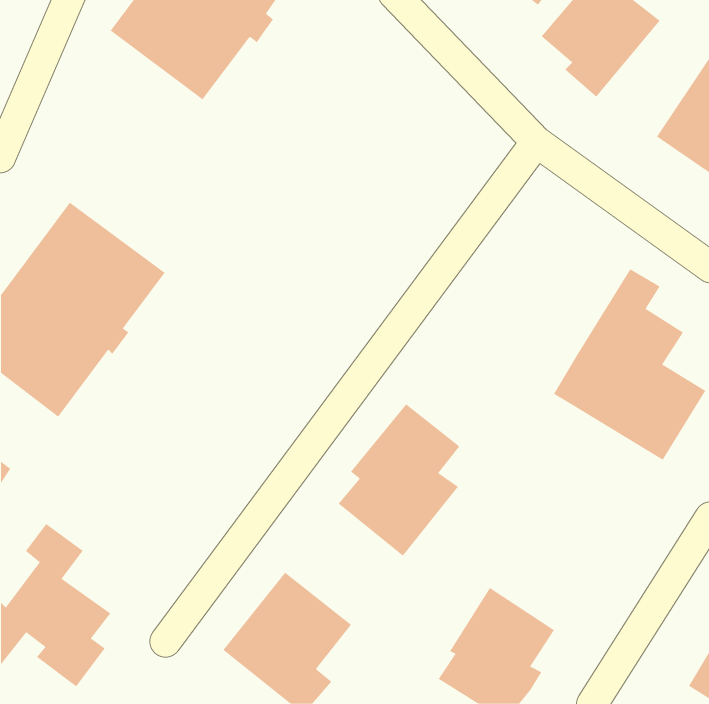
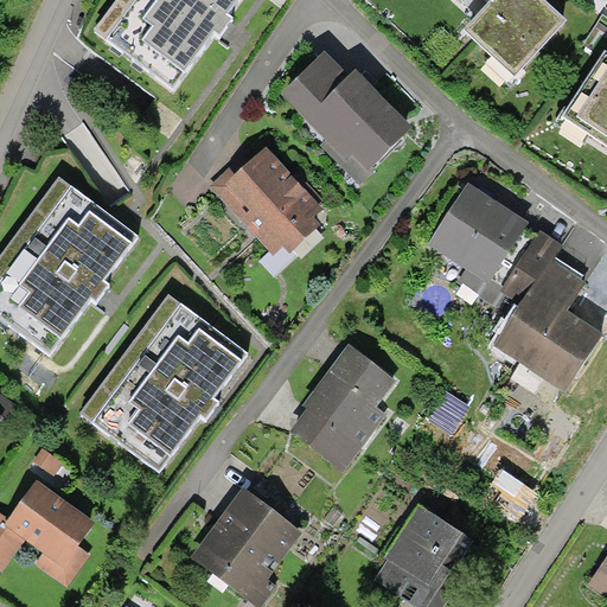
building: none -> [281,51,414,184]
building: none -> [209,145,324,254]
building: none -> [426,181,535,304]
building: none -> [82,290,250,471]

